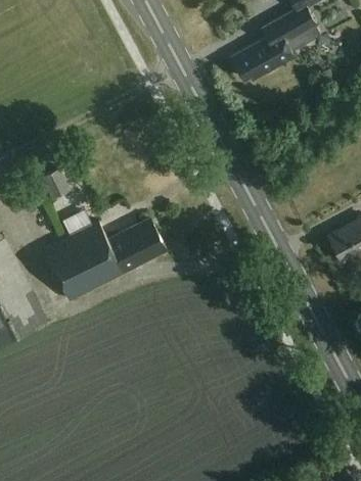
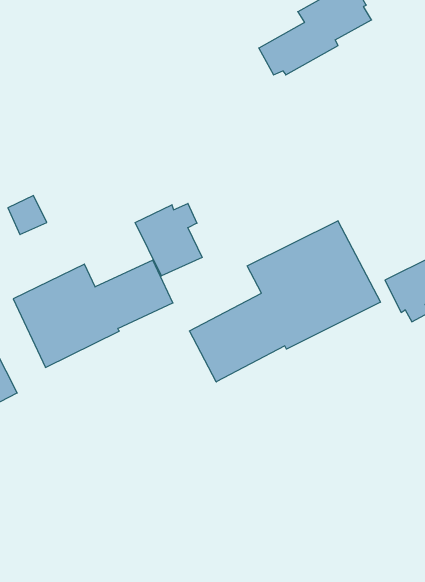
building: none -> [135,203,202,276]
building: none -> [189,221,380,382]

